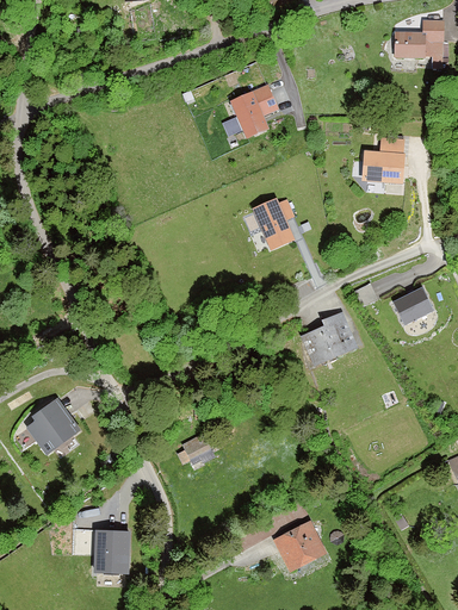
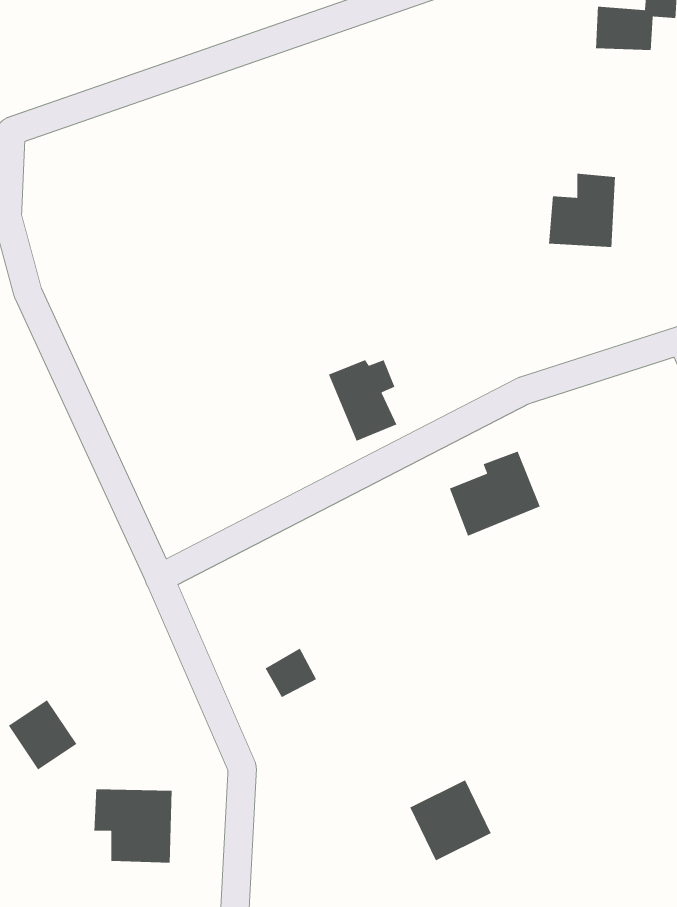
building: [228,83,278,137] -> none
building: [250,198,295,250] -> [328,359,397,442]
building: [397,291,429,320] -> none
building: [35,406,79,452] -> [8,699,77,770]

